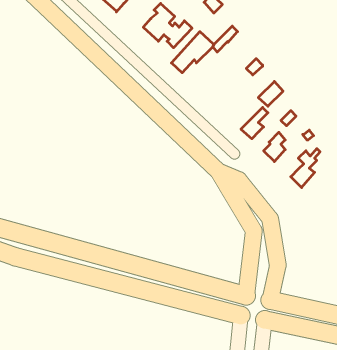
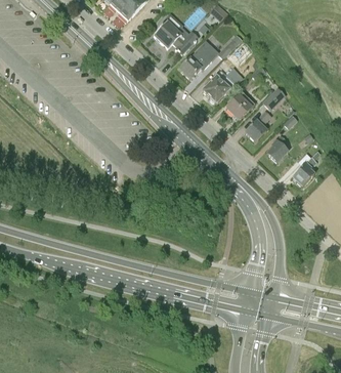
building: none -> [202,71,235,103]
building: none -> [226,91,254,120]

